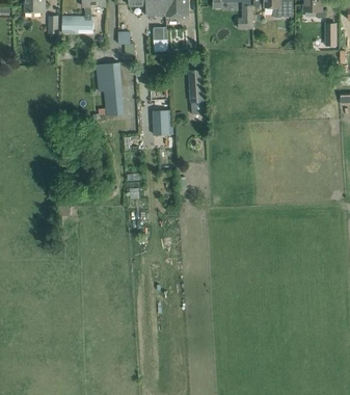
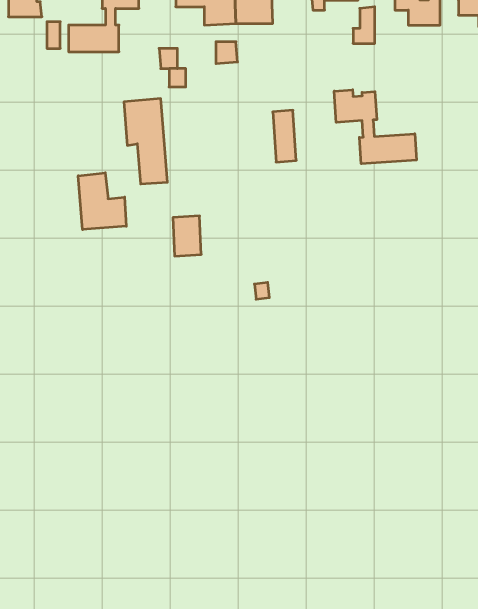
building: none -> [334,90,416,164]
building: none -> [78,173,126,230]
building: [152,110,169,135] -> [173,216,201,256]

